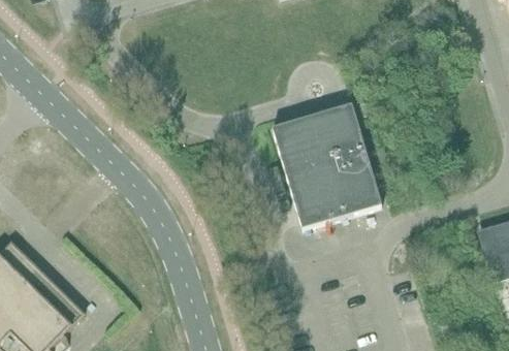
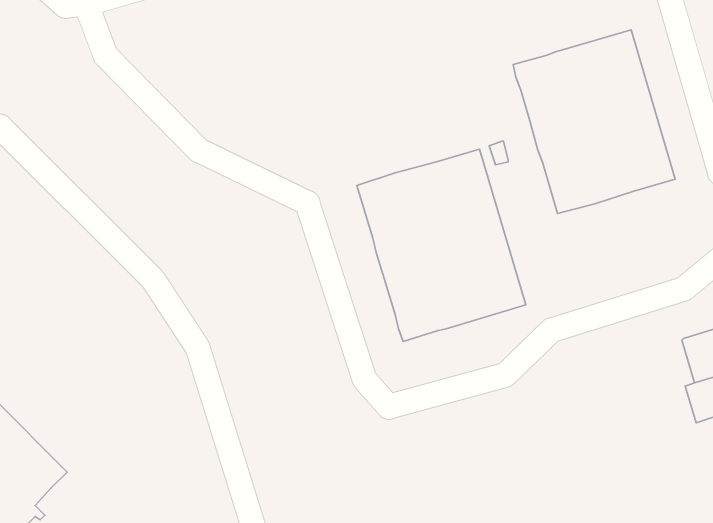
building: none -> [513,30,675,214]

